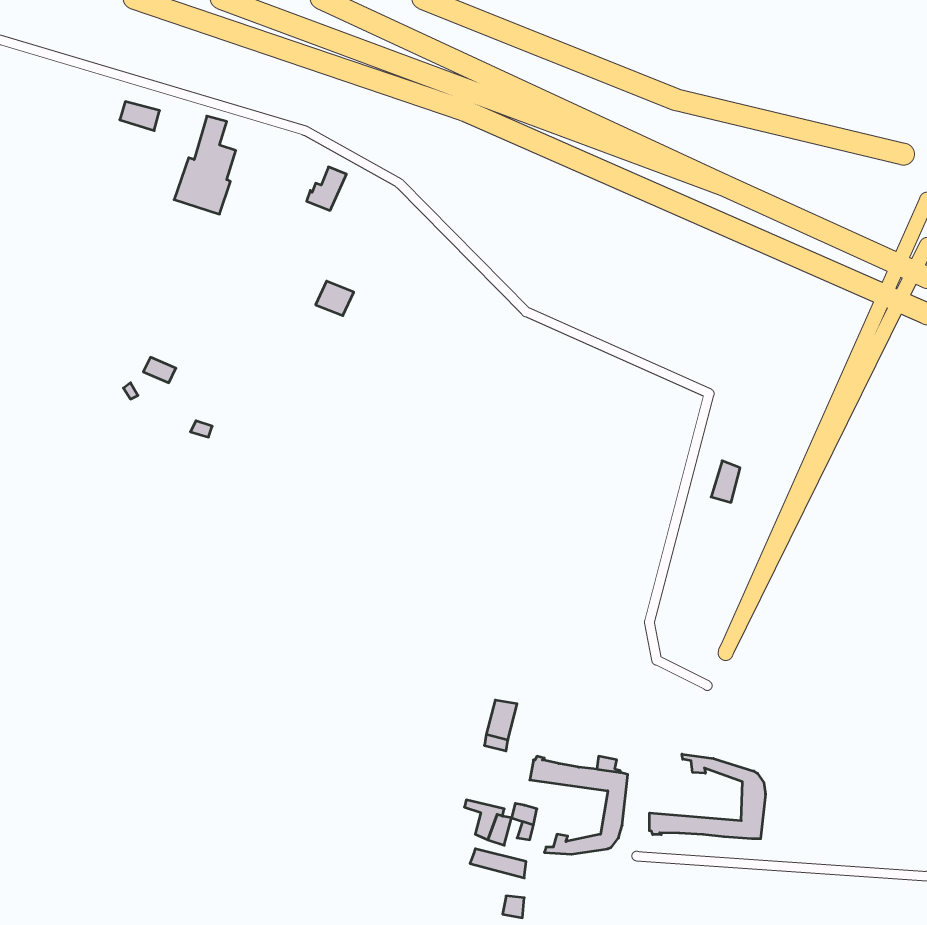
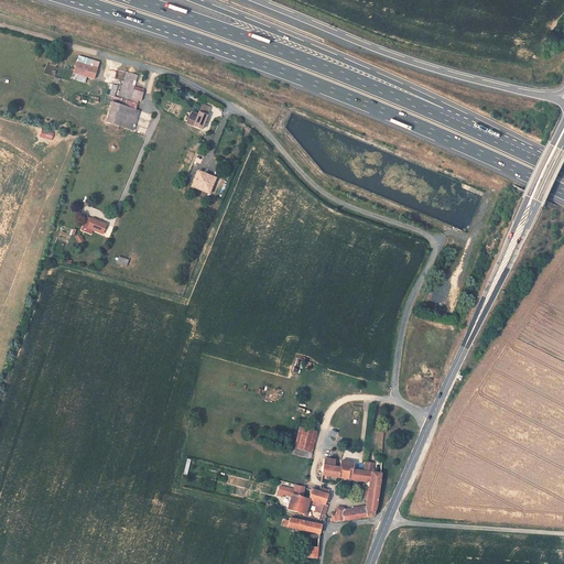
building: [649,754,765,839] -> none

